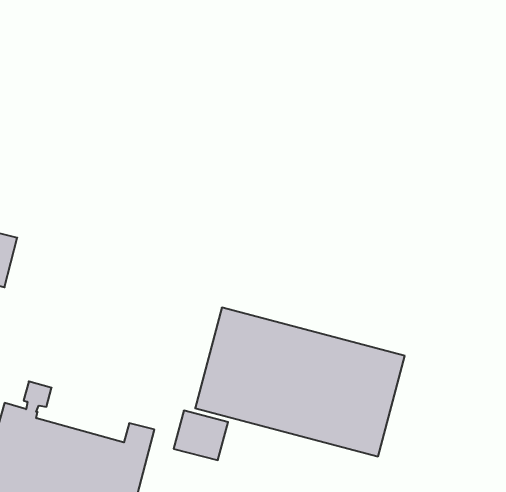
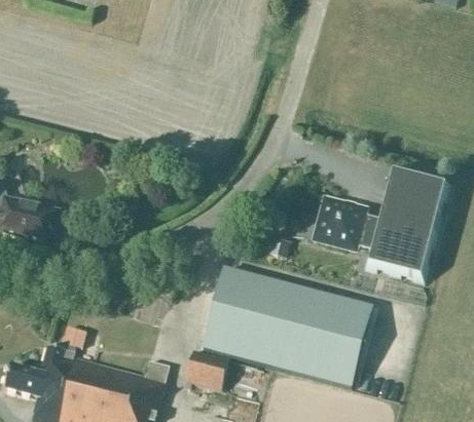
building: none -> [309,172,444,277]

